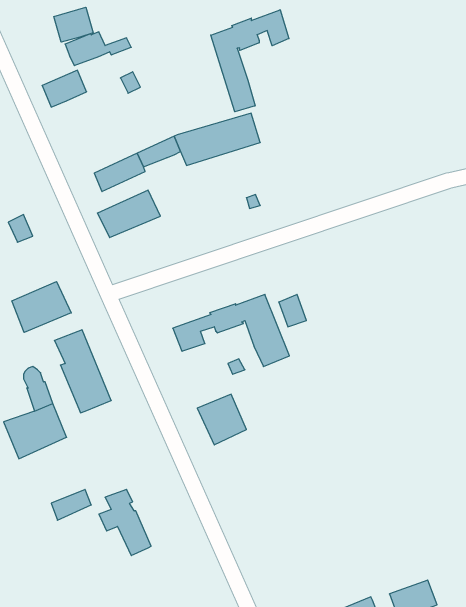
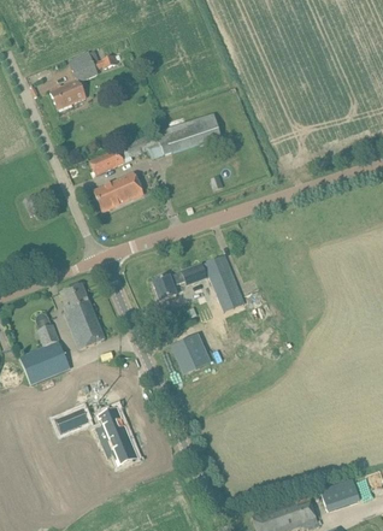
building: [54,7,93,42] -> none
building: [211,10,289,112] -> none
building: [12,282,71,332] -> none

